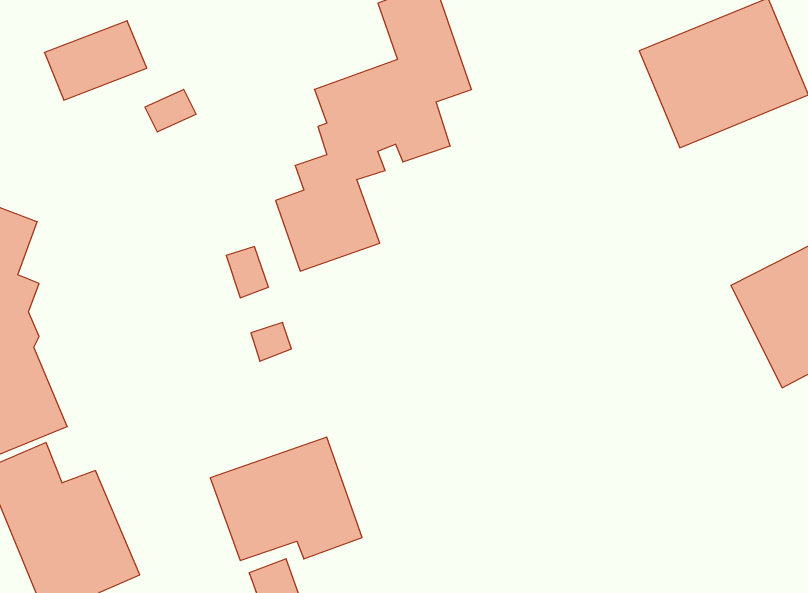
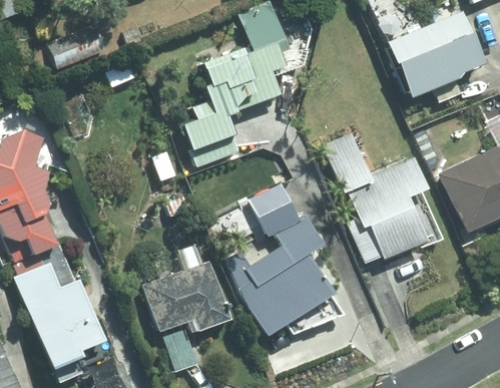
building: none -> [324,134,428,258]
building: none -> [227,184,334,335]

